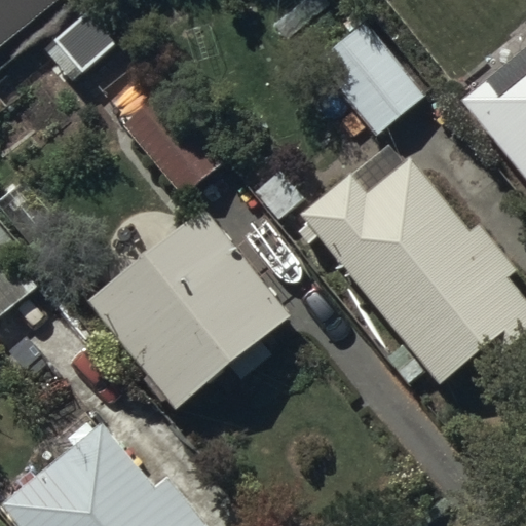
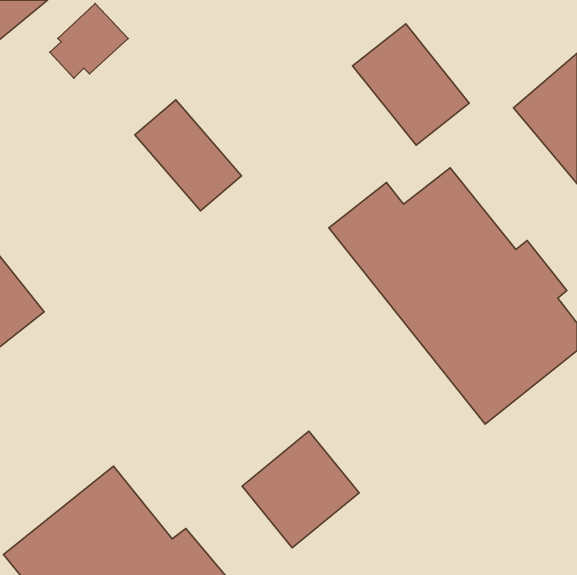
building: [89,206,290,403] -> none
building: none -> [242,431,359,548]

